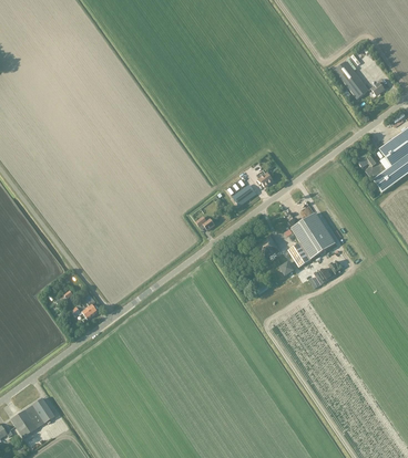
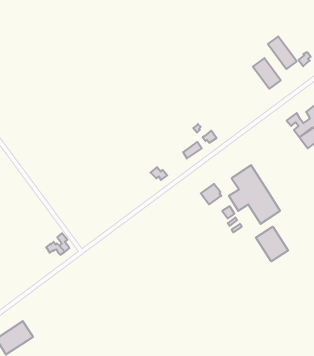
building: none -> [253,58,281,89]
building: none -> [256,227,288,261]

